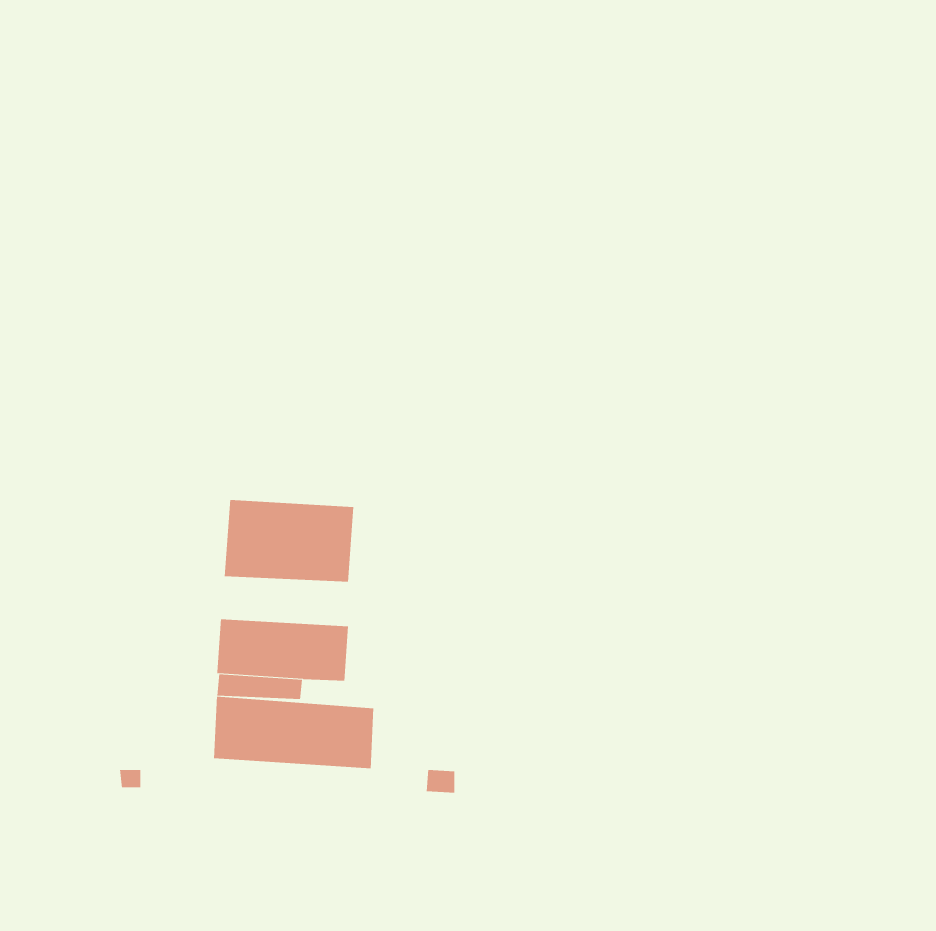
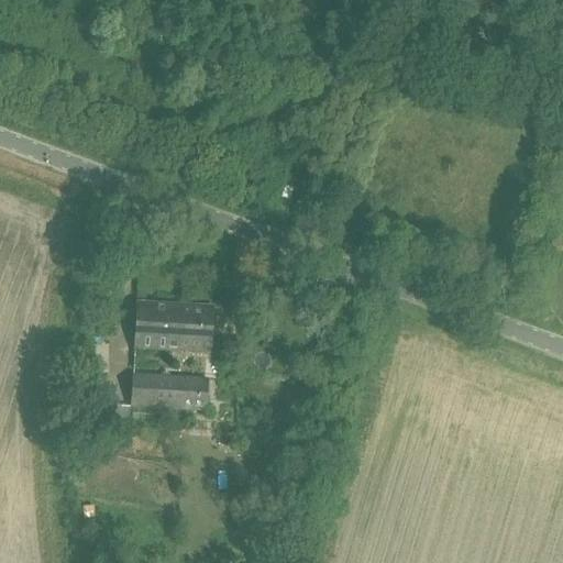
building: [213,696,374,769] -> none

